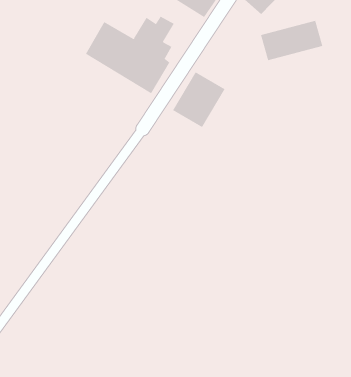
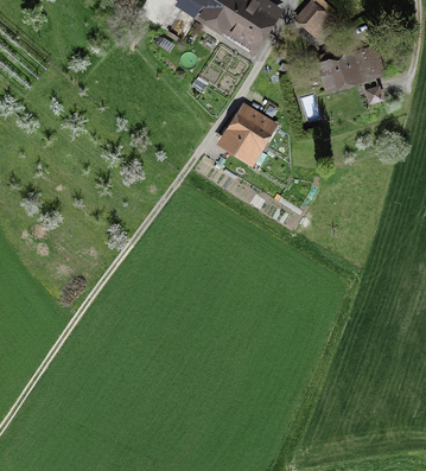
building: [85,16,175,94] -> none

